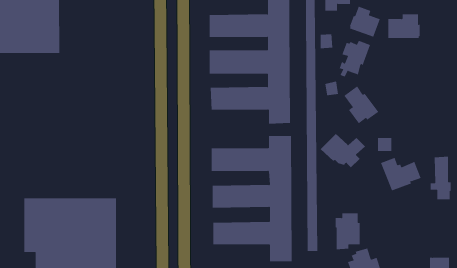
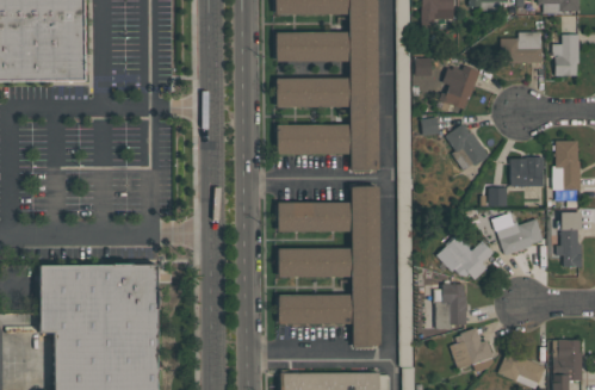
building: [349,6,380,38] -> none
building: none -> [553,35,581,76]
building: none -> [553,141,582,190]
building: none -> [510,157,544,186]
building: [320,133,366,168] -> [436,236,495,280]

